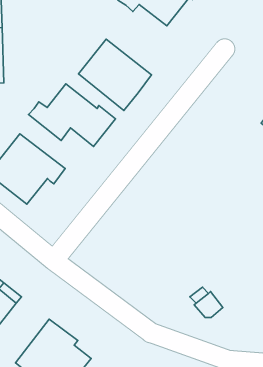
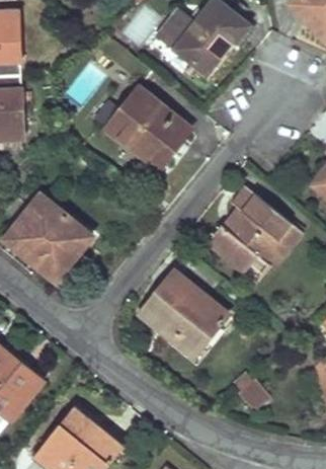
building: [29,84,116,147] -> none
building: none -> [207,186,301,271]
building: none -> [142,271,227,346]

